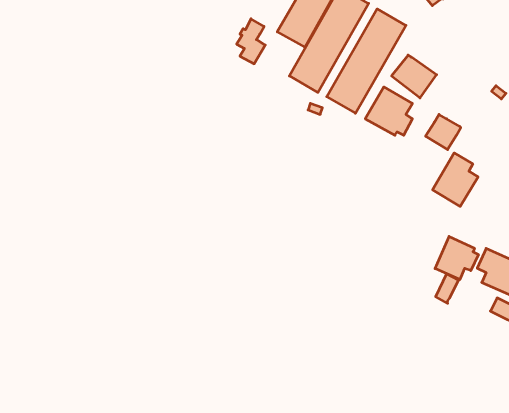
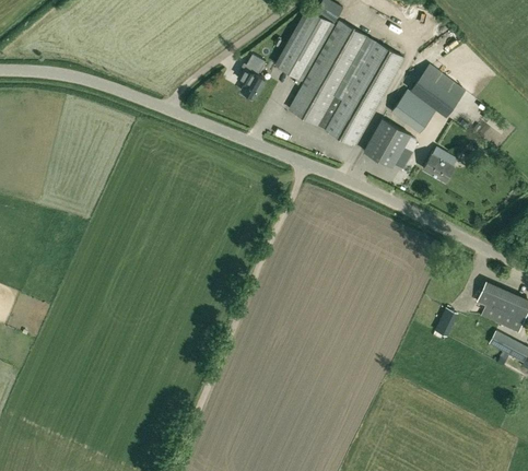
building: none -> [410,62,462,114]
building: [433,153,478,206] -> none
building: [435,236,478,280] -> none

